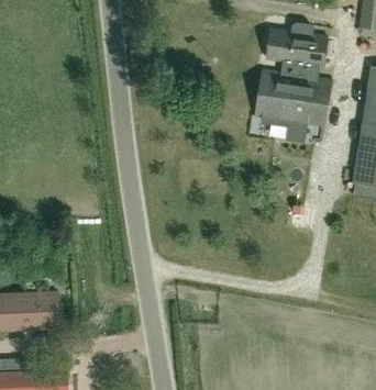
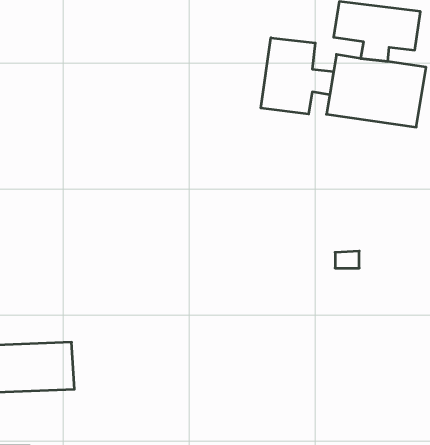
building: none -> [261,38,334,114]

